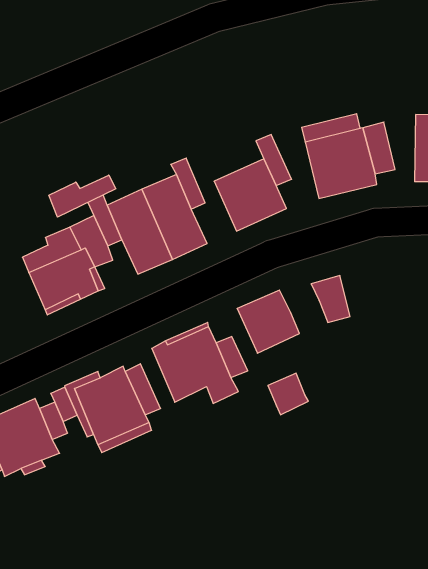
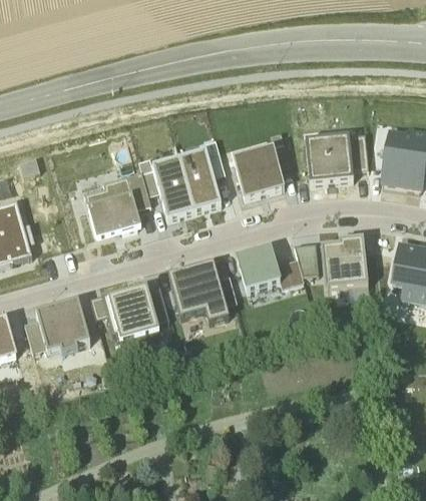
building: [49,175,116,217] -> none
building: none -> [320,236,368,289]
building: [268,373,308,415] -> [276,258,304,287]

